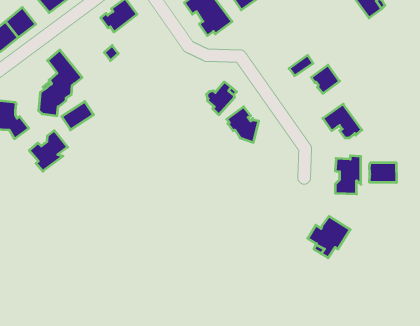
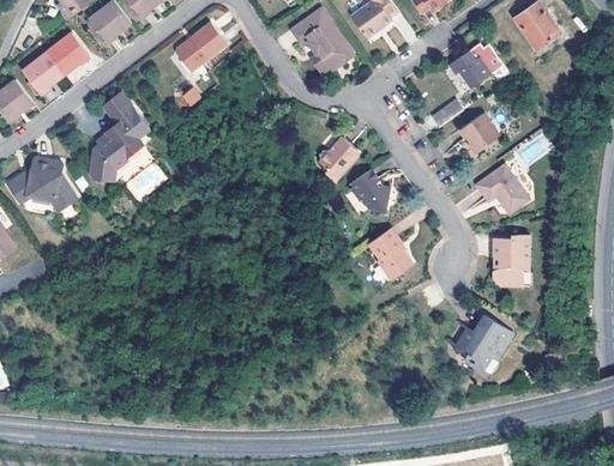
building: none -> [450,43,504,87]
building: [29,131,68,171] -> none
building: none -> [368,228,411,279]
building: [370,163,396,183] -> none

